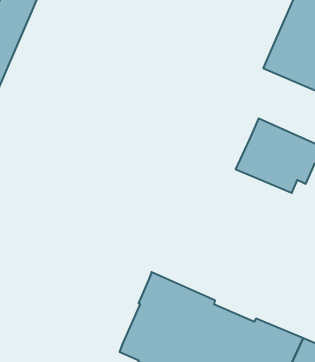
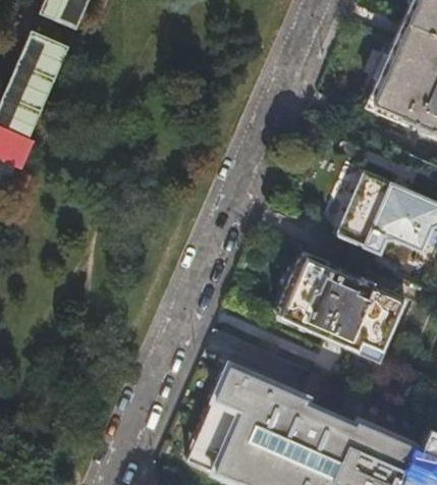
building: none -> [274,252,404,360]

